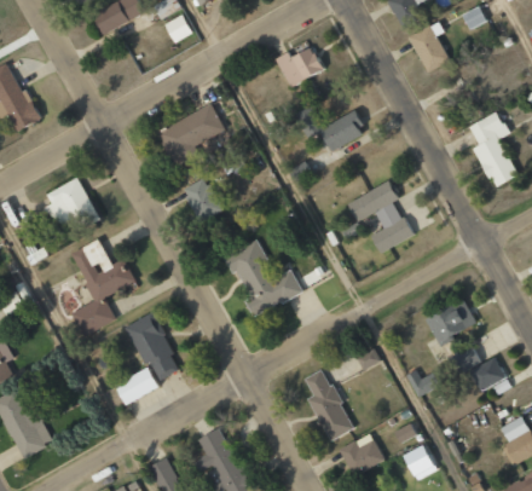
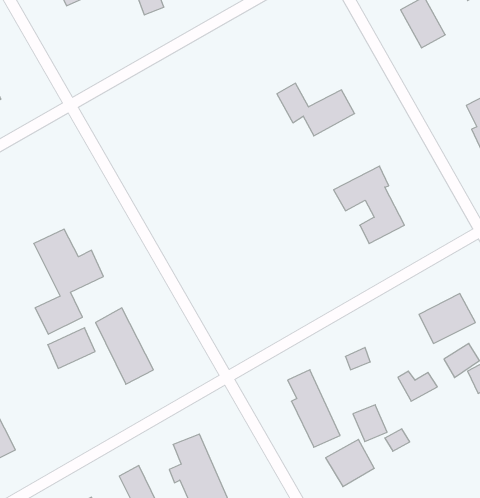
building: [276,47,324,87] -> none
building: [158,104,226,167] -> none
building: [47,177,100,232] -> none
building: [185,178,222,223] -> none
building: [227,239,303,318] -> none
building: [115,368,158,405] -> [48,328,95,368]
building: [404,446,435,480] -> [353,405,387,442]

